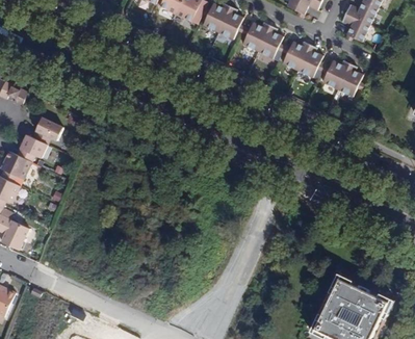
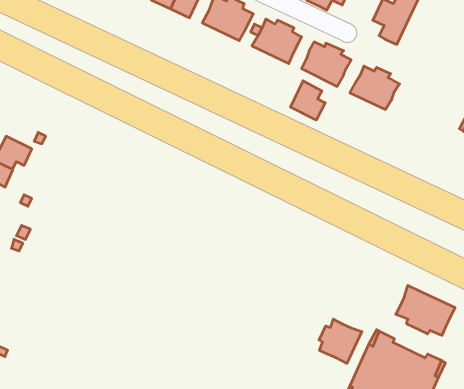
building: none -> [291,81,325,120]
building: none -> [396,285,455,335]
building: none -> [319,319,362,363]

